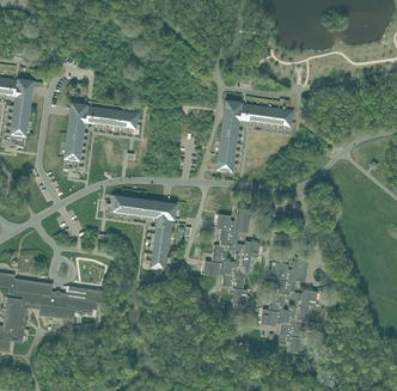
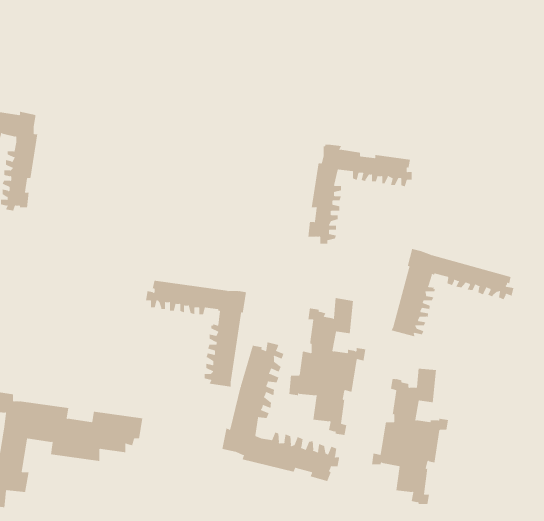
building: [63,103,136,172] -> none
building: none -> [391,248,514,337]
building: none -> [222,342,340,482]

